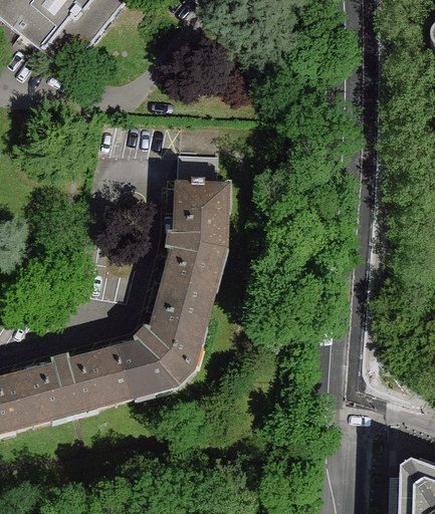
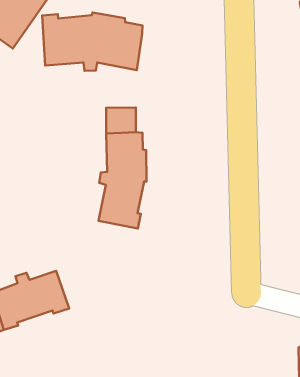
building: none -> [42,12,143,71]
building: [104,293,210,401] -> none

